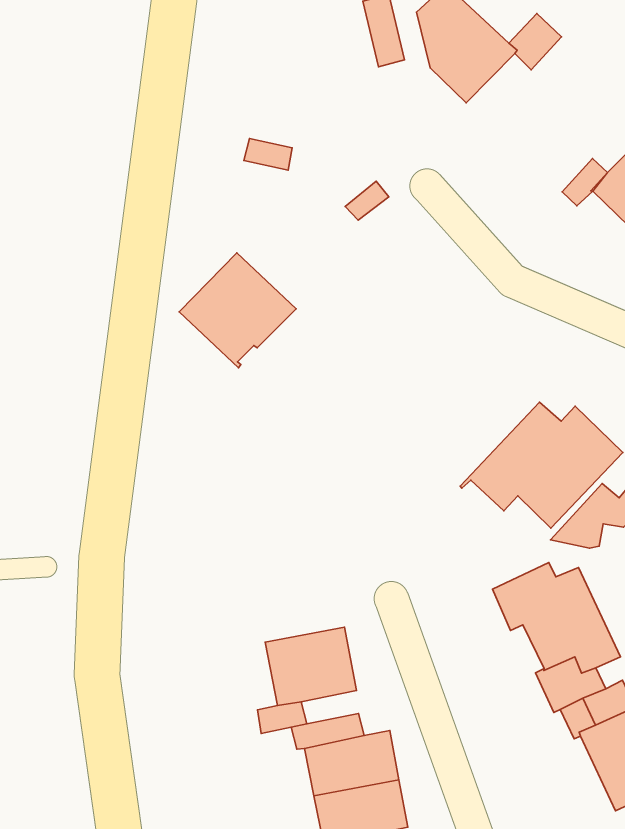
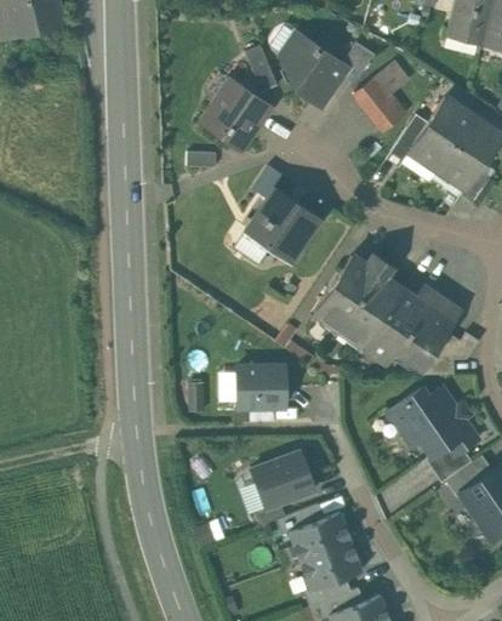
building: none -> [201,82,270,149]
building: none -> [355,61,410,131]
building: [179,253,296,368] -> [245,187,319,260]
building: none -> [310,253,400,349]
building: none -> [238,366,286,408]

